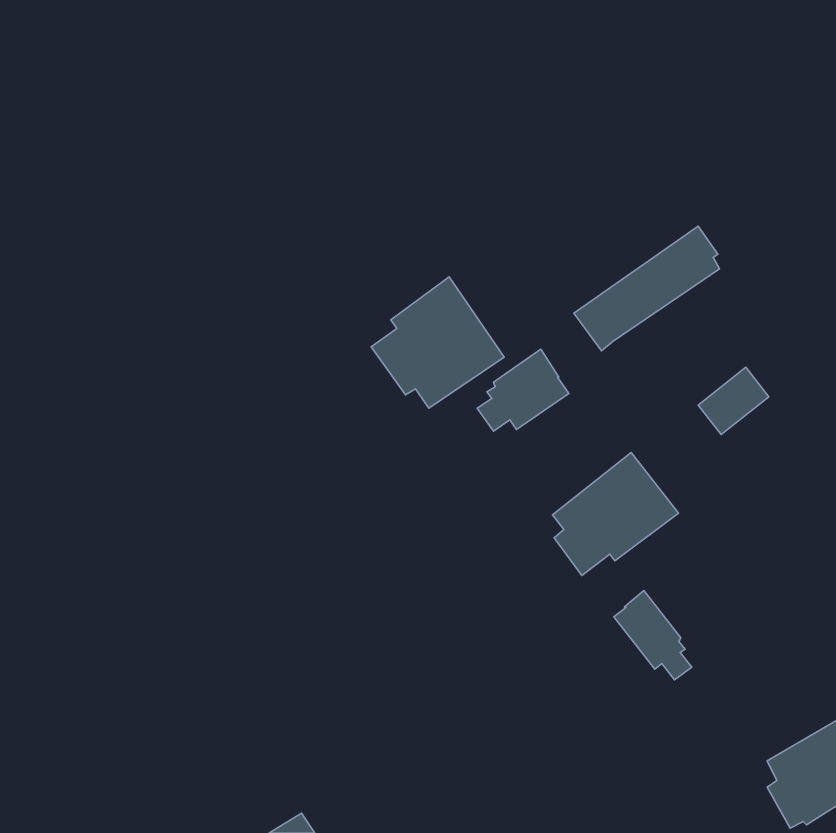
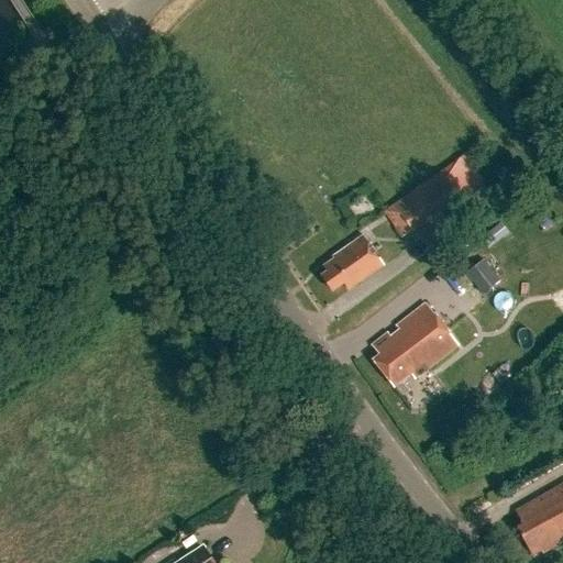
building: [371,277,504,408] -> none
building: [614,591,692,680] -> none

